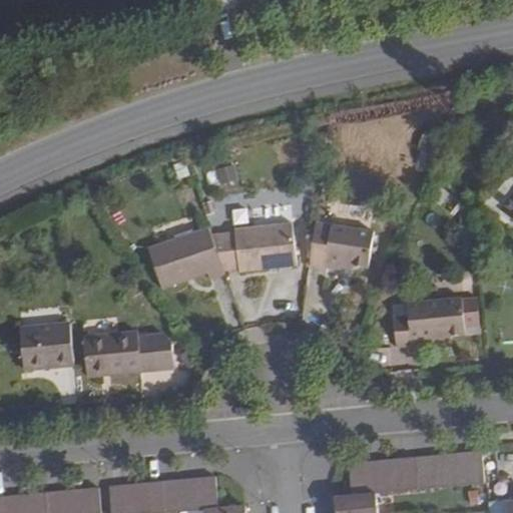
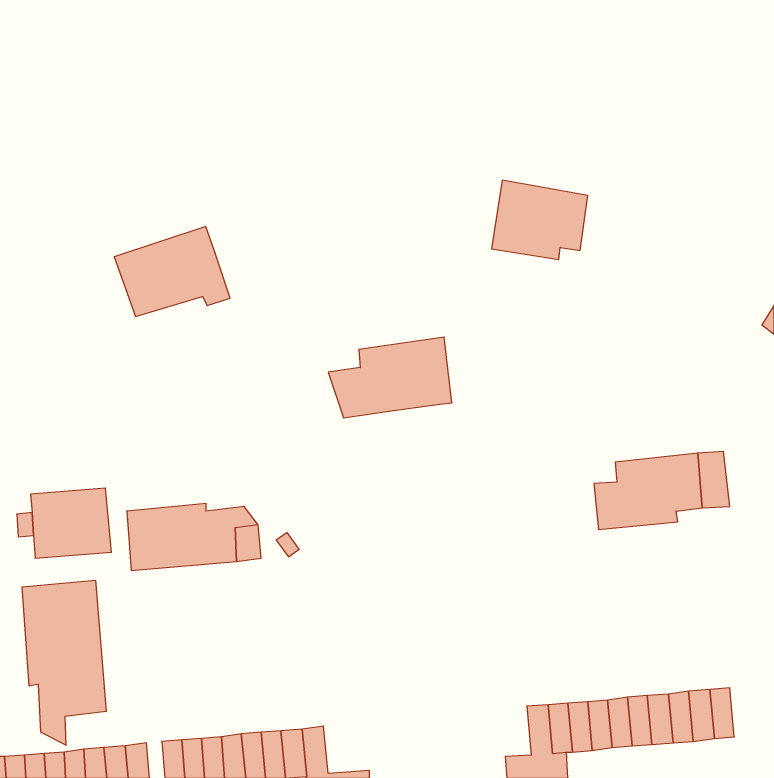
building: [309,220,372,273] -> [492,180,588,260]
building: [149,227,225,287] -> [114,226,230,316]
building: none -> [22,580,106,745]

